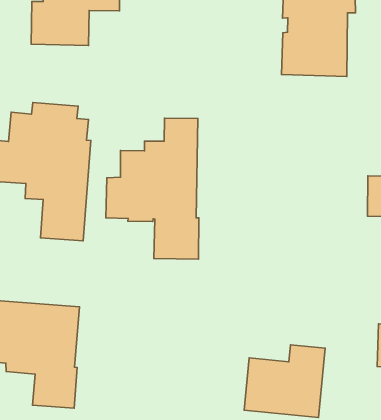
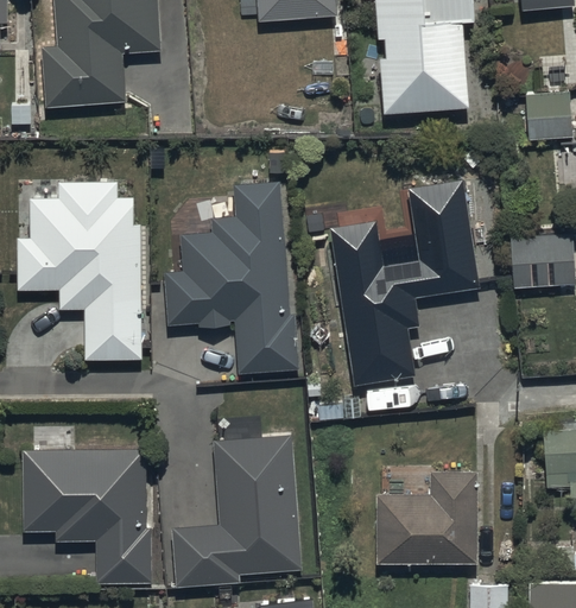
building: none -> [329,182,480,387]
building: none -> [172,433,302,585]

